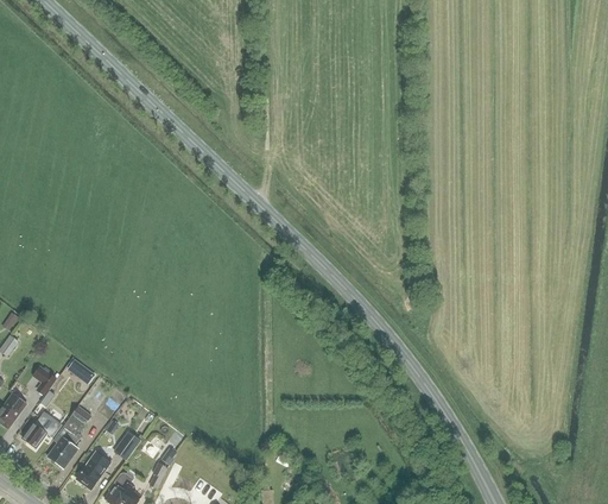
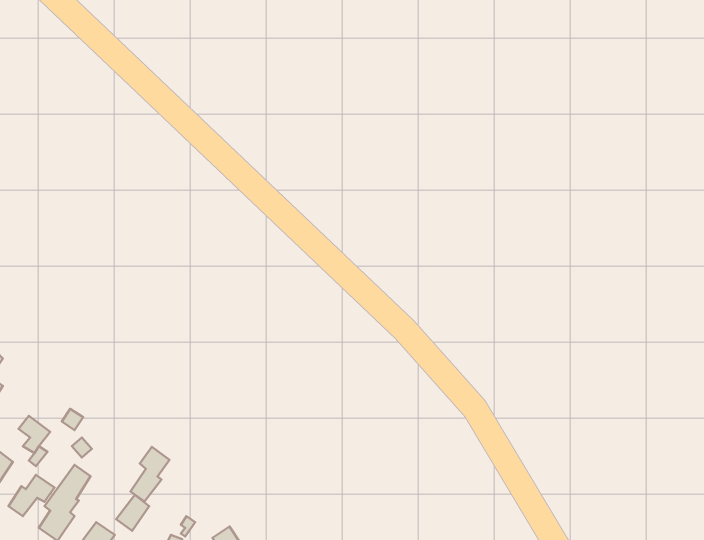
building: none -> [131,447,169,501]

